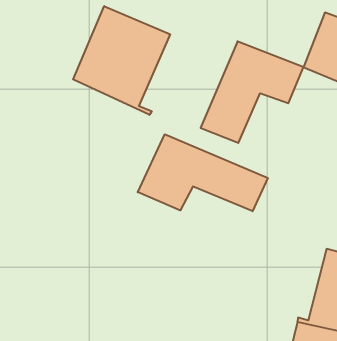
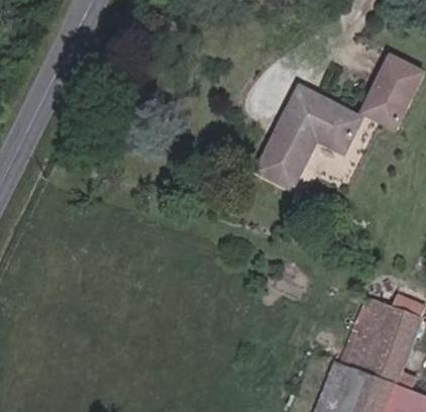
building: [73,6,170,115] -> none
building: [138,134,268,211] -> none

